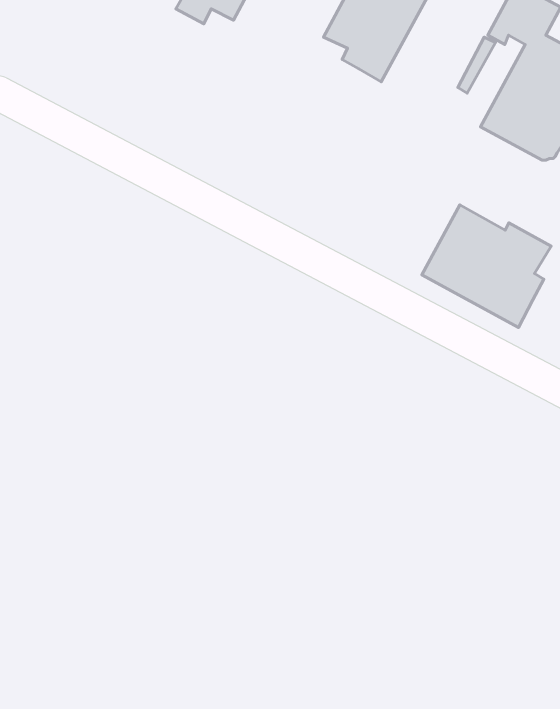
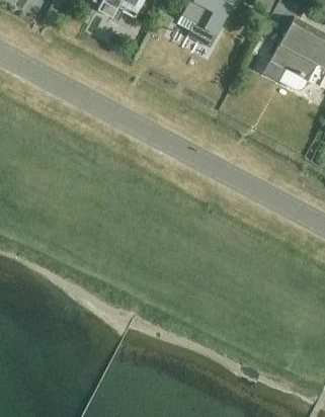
building: [422,205,551,328] -> none

